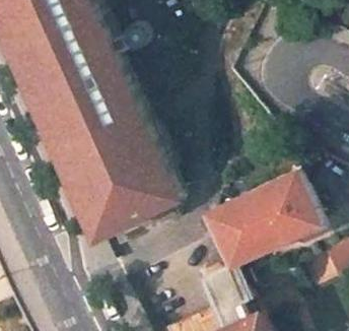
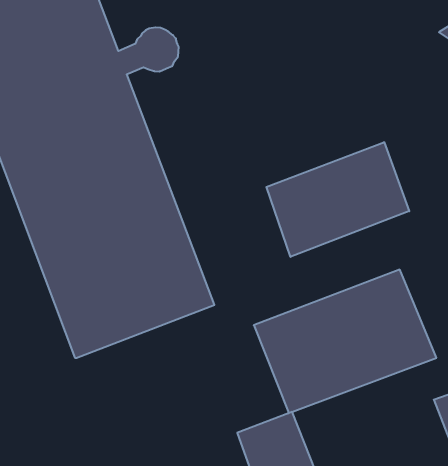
building: none -> [266,142,409,257]

